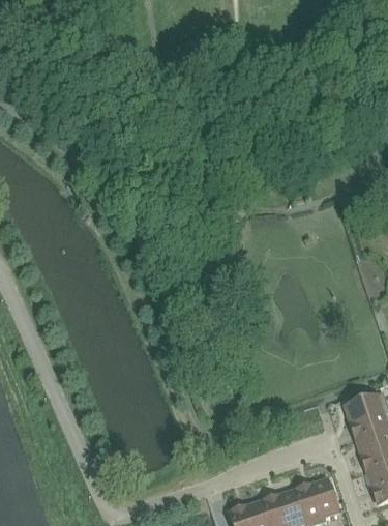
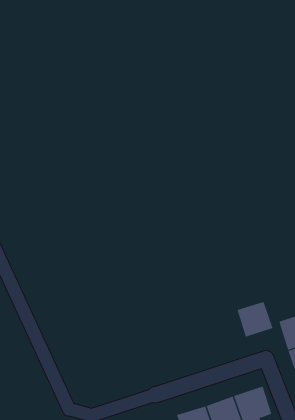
building: none -> [237,301,273,338]

